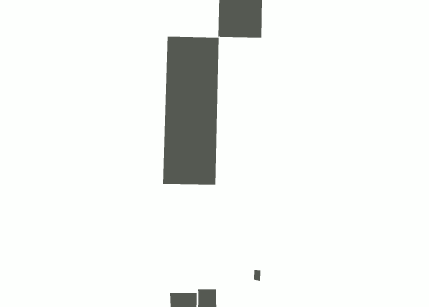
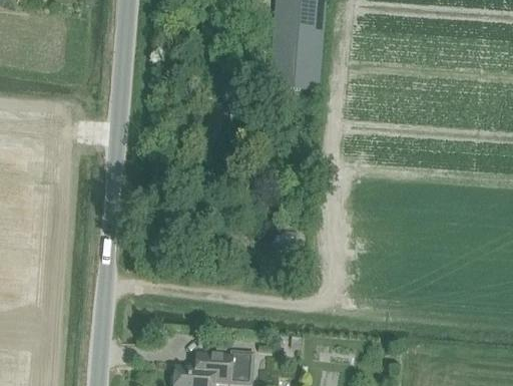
building: [163,36,219,186] -> none

